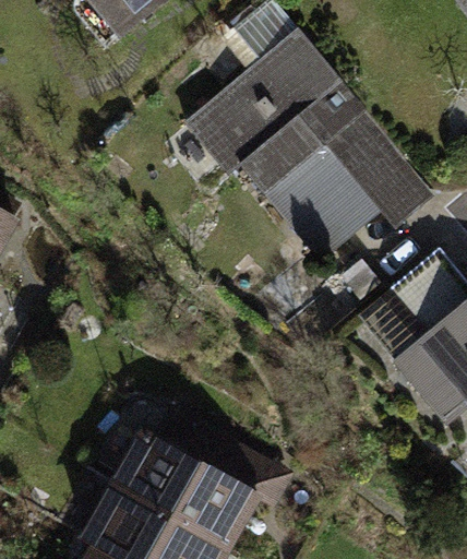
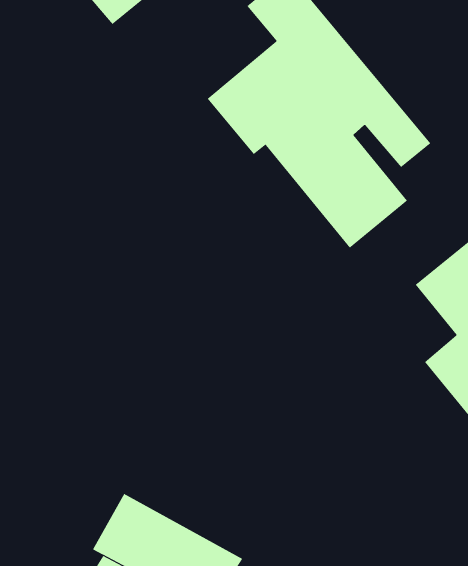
building: [116,430,272,544] -> none

